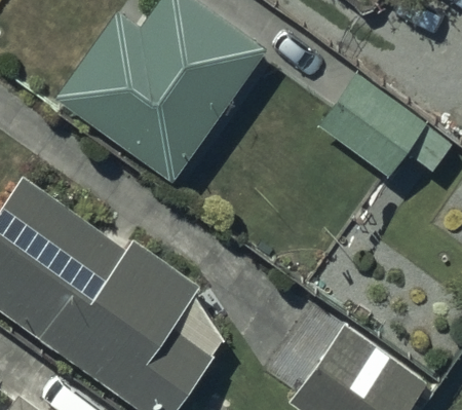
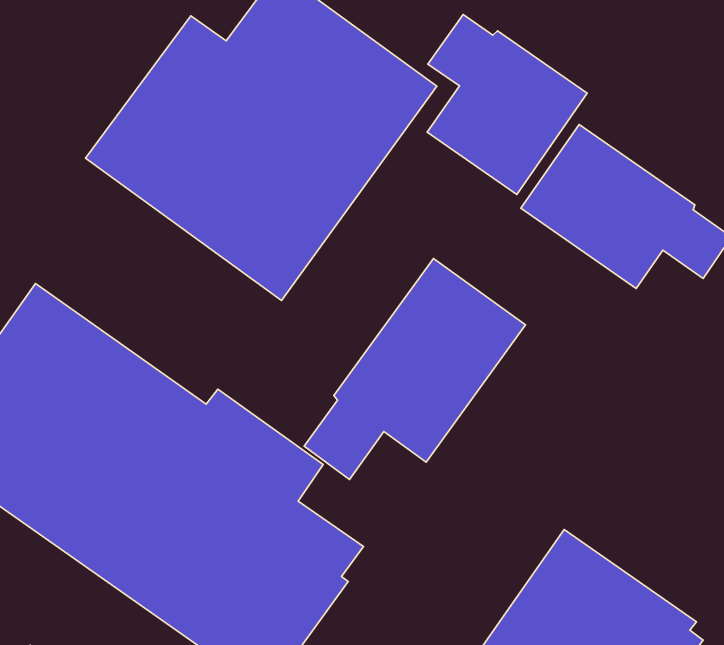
building: none -> [427,15,587,194]
building: none -> [304,258,526,480]

